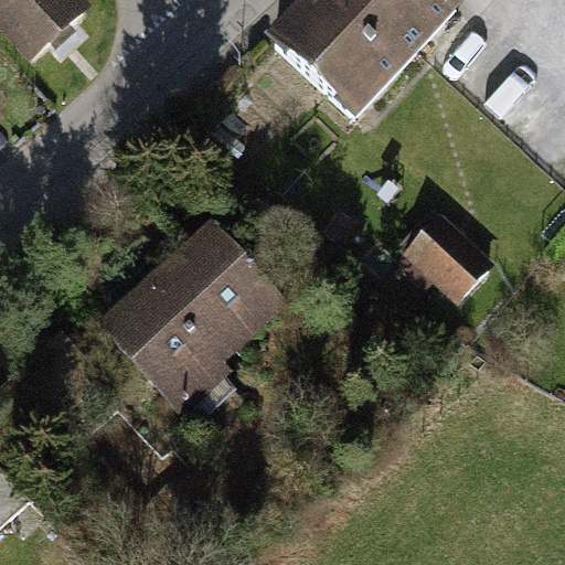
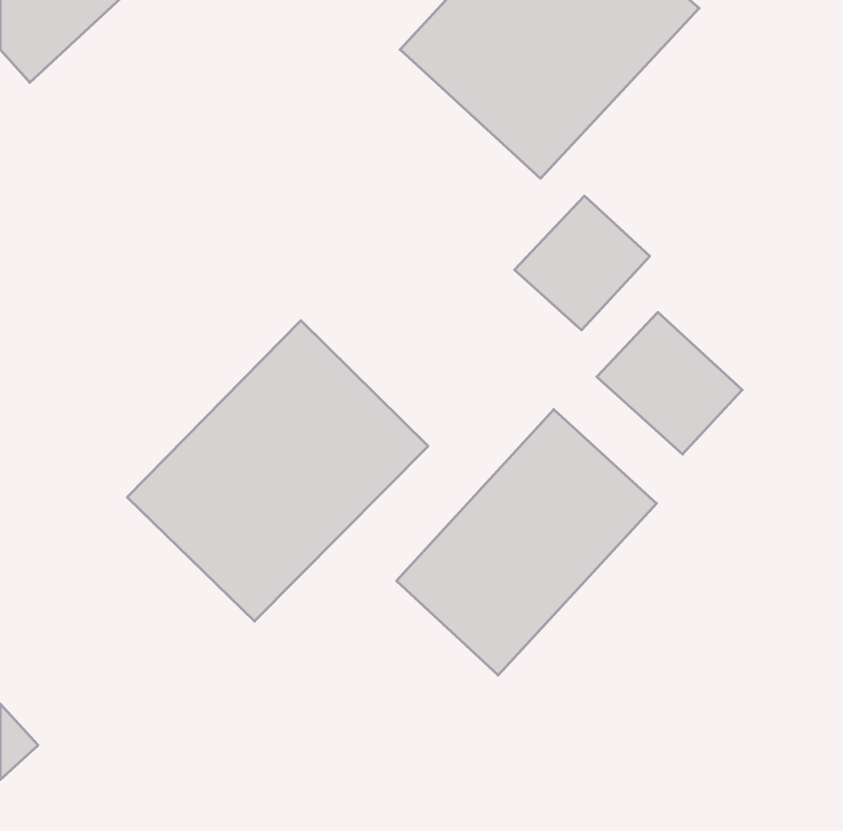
building: none -> [515,196,650,330]
building: none -> [397,409,657,675]

